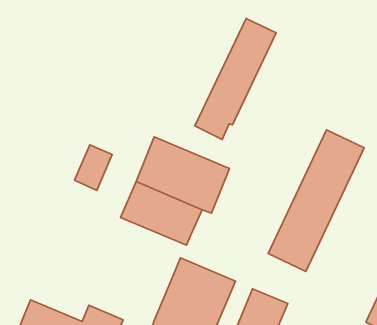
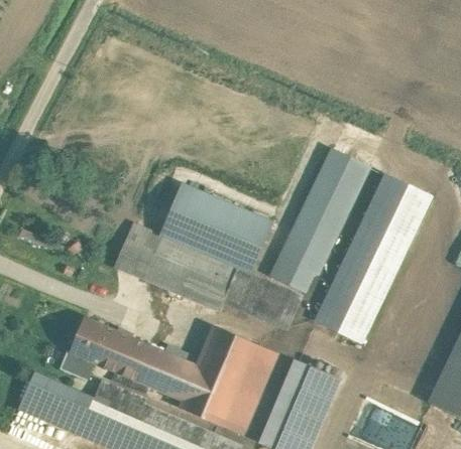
building: [195,18,276,139] -> [271,149,367,291]
building: [74,145,112,190] -> [116,224,160,278]
building: none -> [225,269,301,324]
building: none -> [59,318,196,399]

